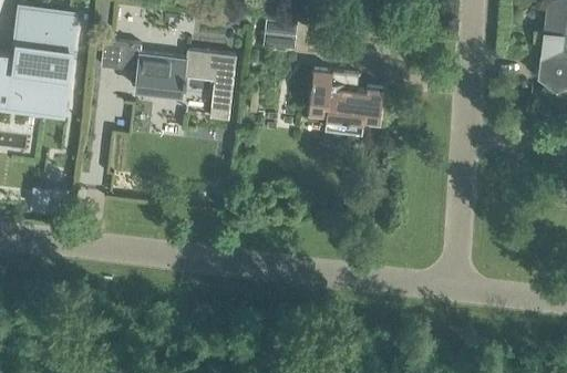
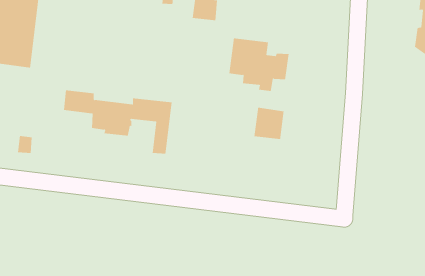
building: [102,42,237,122] -> [63,90,173,154]
building: none -> [254,107,284,140]

